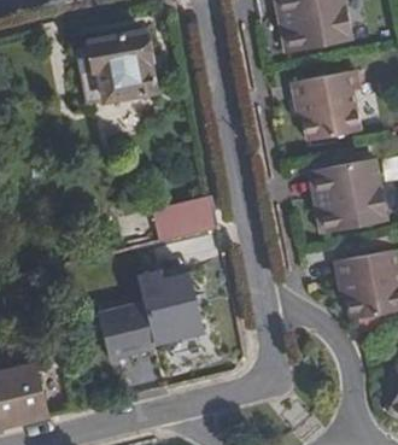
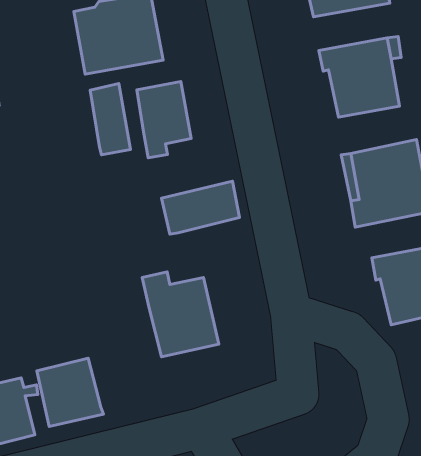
building: none -> [137,81,191,158]
building: none -> [90,84,131,155]
building: [98,303,156,362] -> [37,358,104,427]

